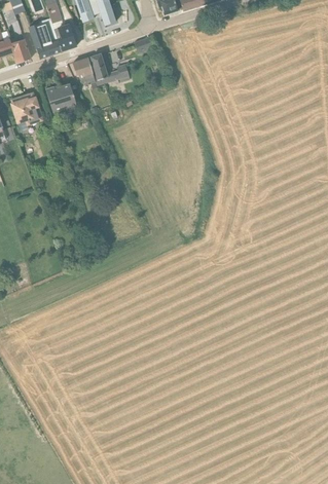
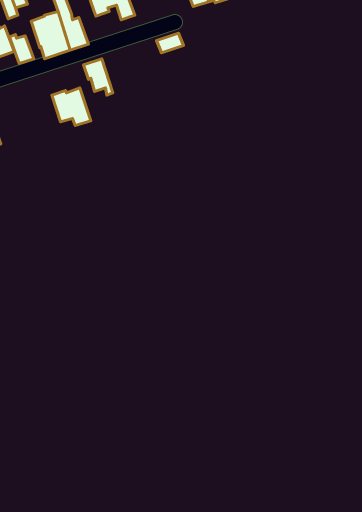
building: [90,52,130,84] -> none
building: [10,91,42,131] -> none

